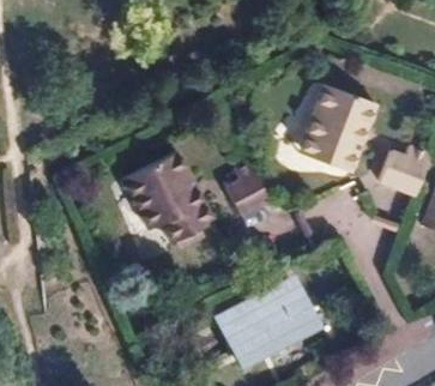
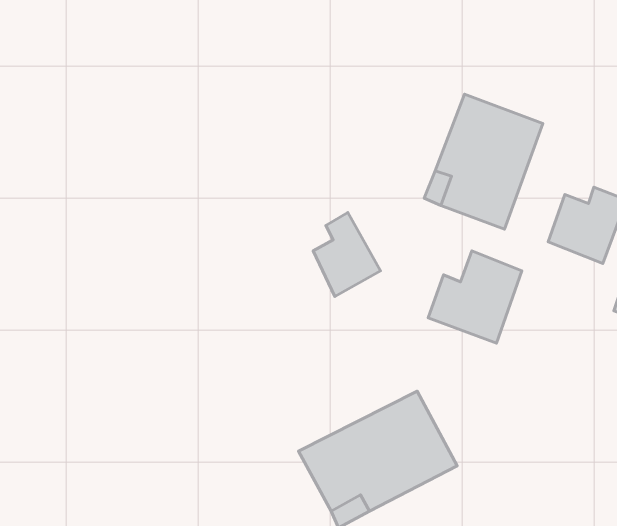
building: [122,151,215,243] -> none
building: none -> [428,251,522,343]

